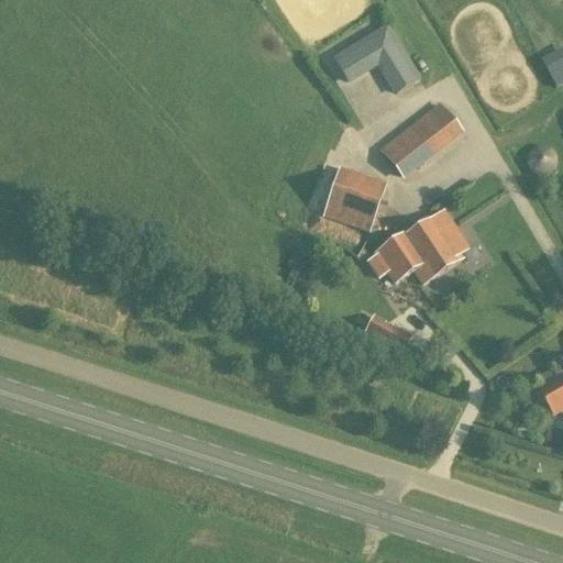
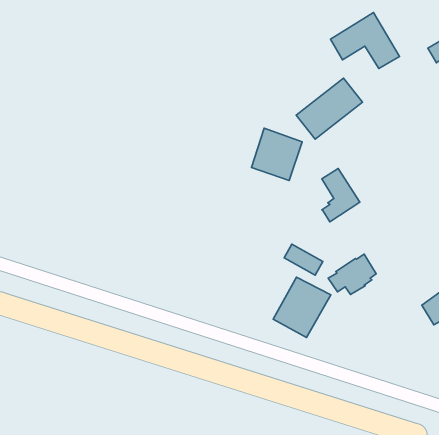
building: [333,21,421,92] -> [331,12,399,68]
building: [366,229,428,280] -> [328,254,376,295]
building: none -> [273,277,331,337]

